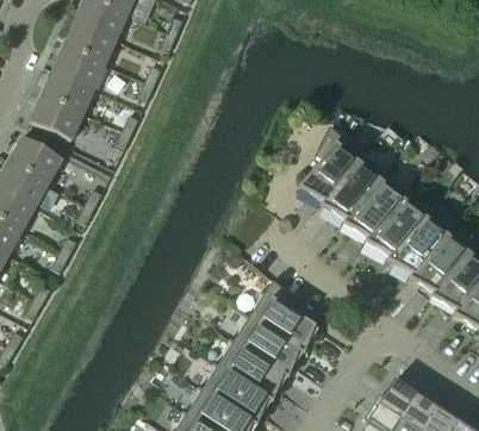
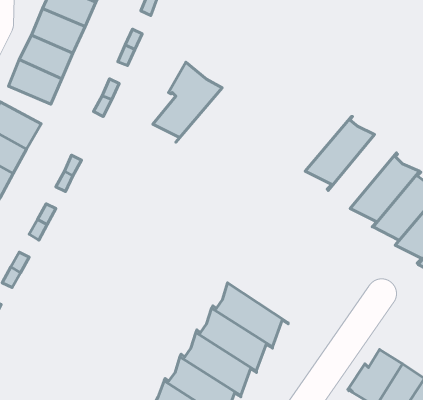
building: [298,126,366,205] -> [153,62,222,142]
building: [343,169,410,242] -> none
building: [244,280,316,354] -> none

